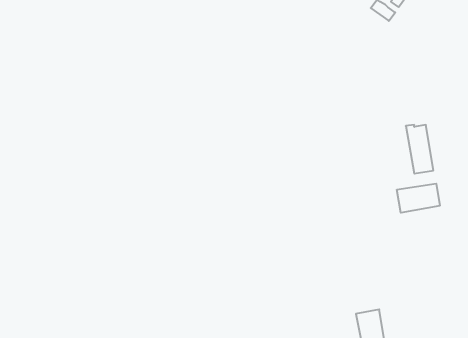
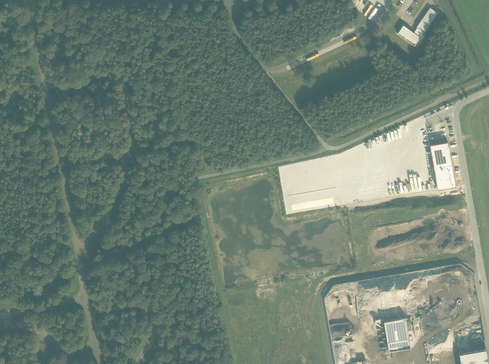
building: [397,184,440,213] -> none

